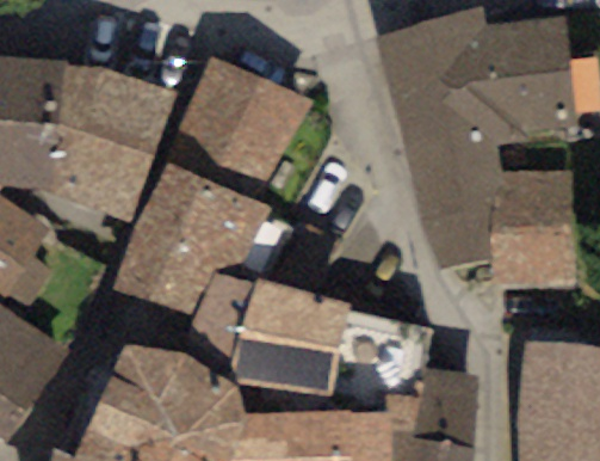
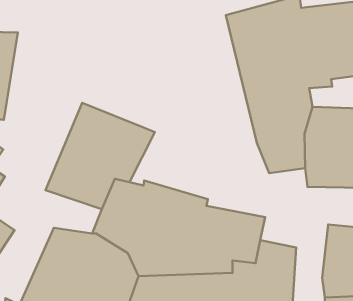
building: [165,56,310,201] -> none
building: [50,61,177,220] -> none

